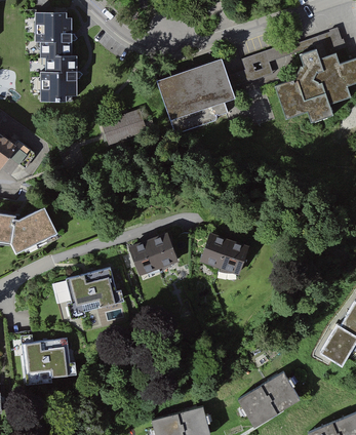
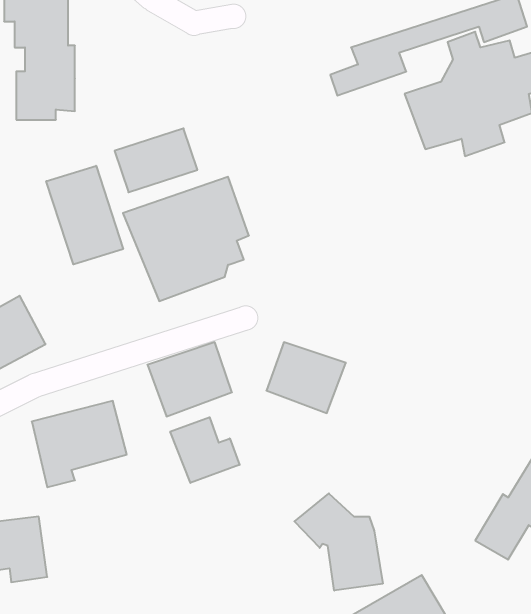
building: [160,58,235,132] -> [123,177,249,301]
building: none -> [46,166,123,264]
building: none -> [170,417,240,483]
building: none -> [294,493,383,591]

